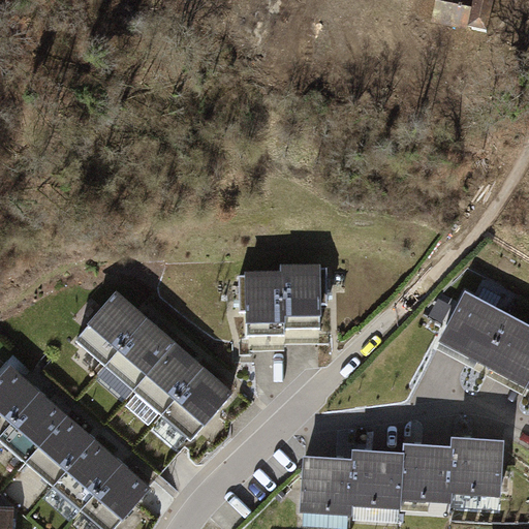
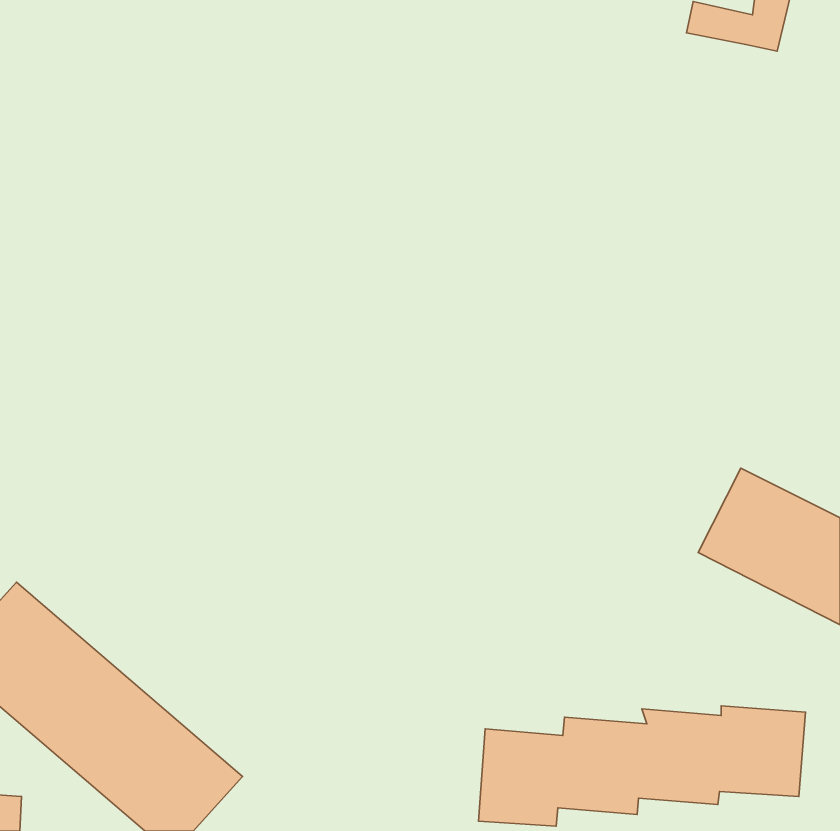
building: [245,266,320,329] -> none
building: [71,290,231,442] -> none

